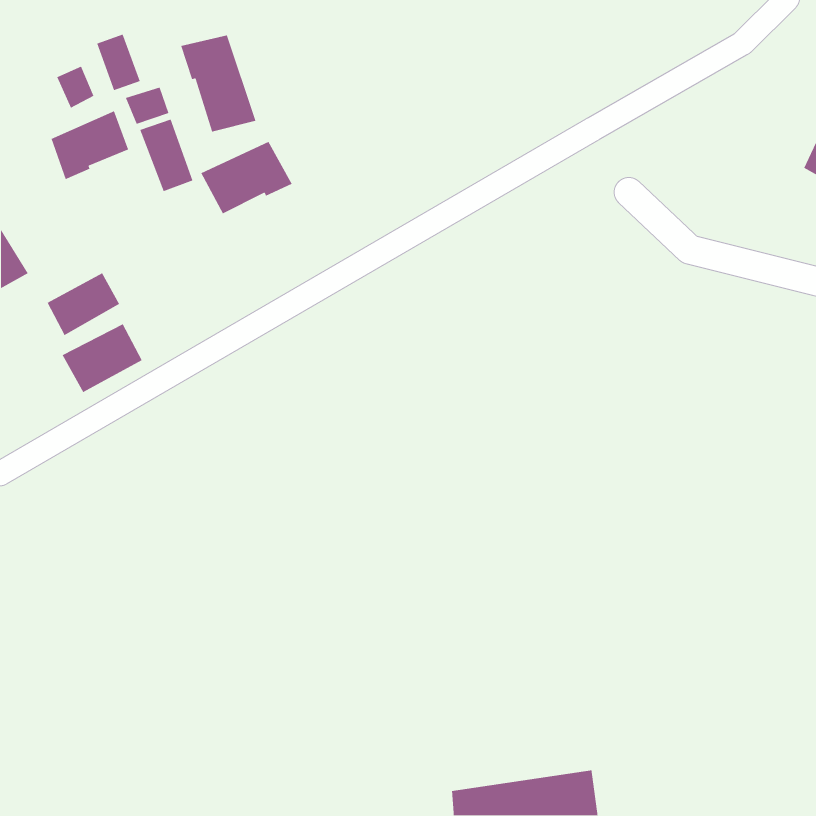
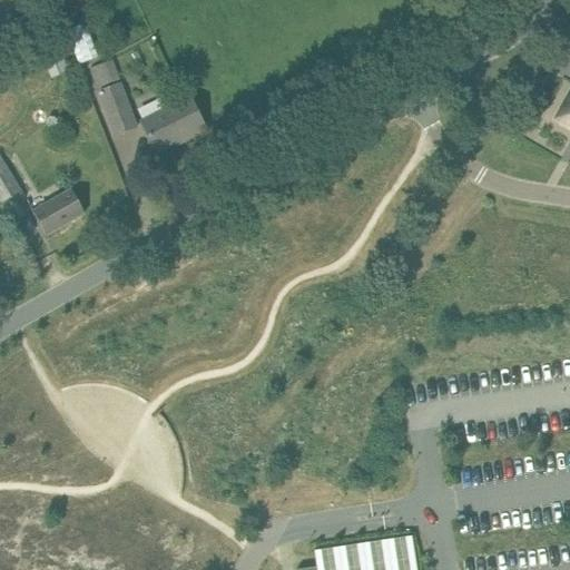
building: [180,34,256,133] -> none
building: [50,110,129,180] -> none
building: [61,323,143,393] -> none

